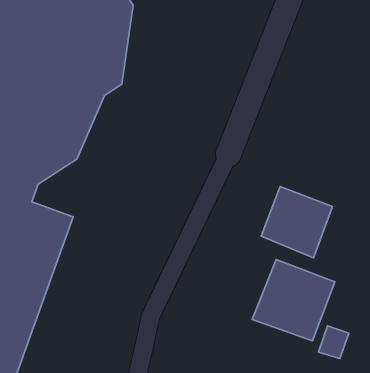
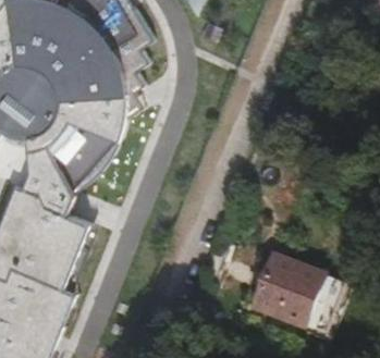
building: [261,186,333,258] -> none

